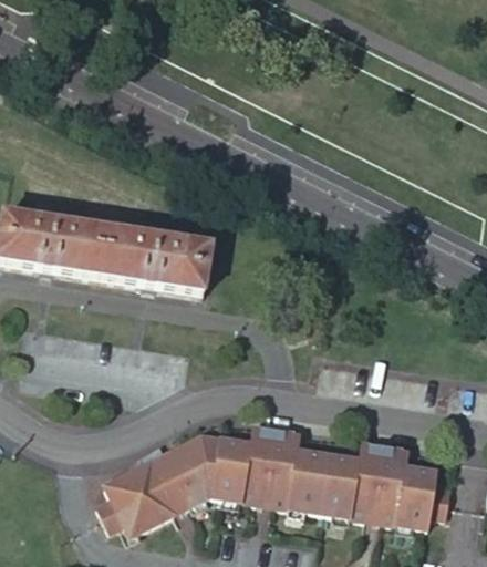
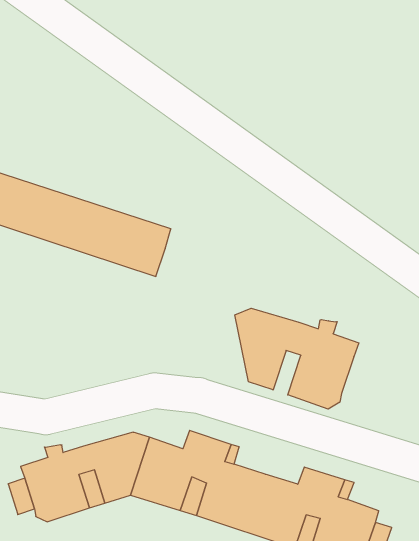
building: none -> [235,308,359,409]

